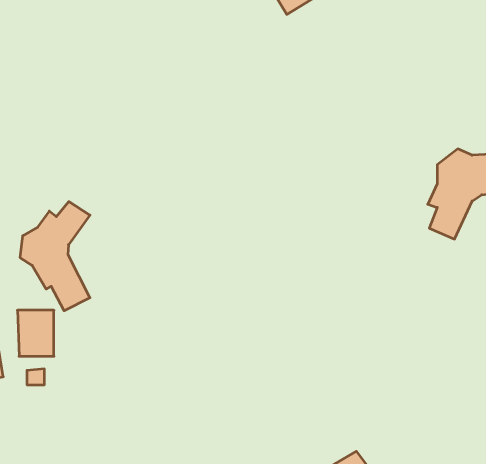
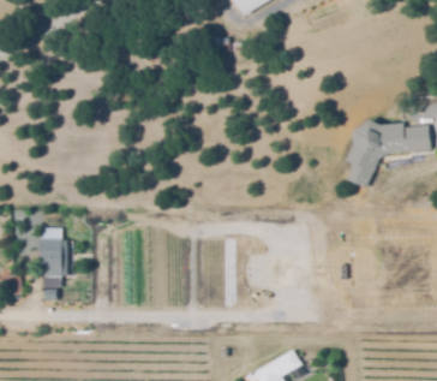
building: [20,202,90,311] -> none

